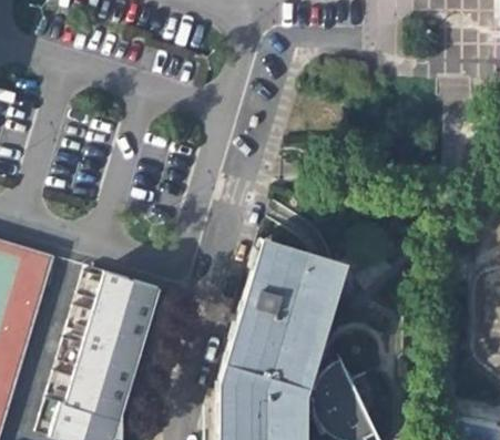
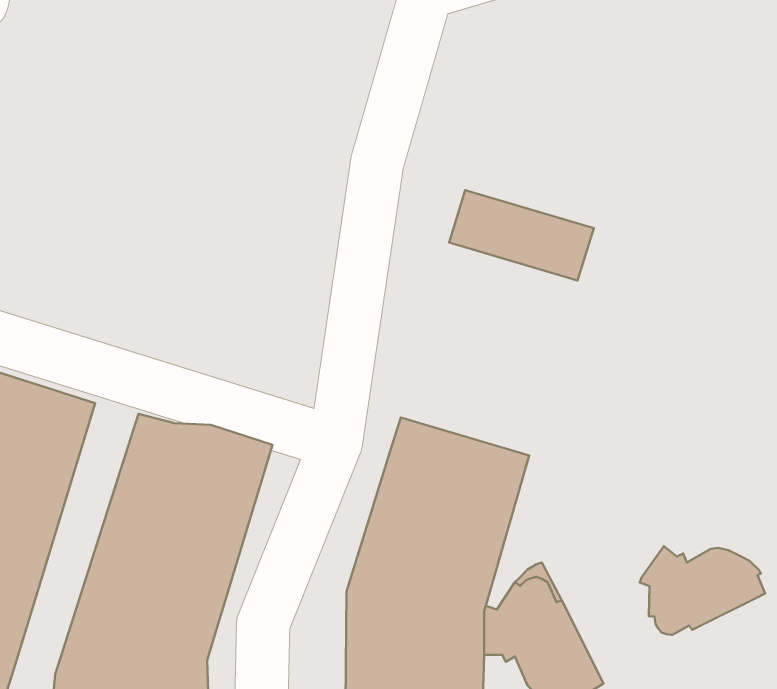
building: [248,237,337,293] -> [449,190,594,281]
building: none -> [640,546,765,635]

